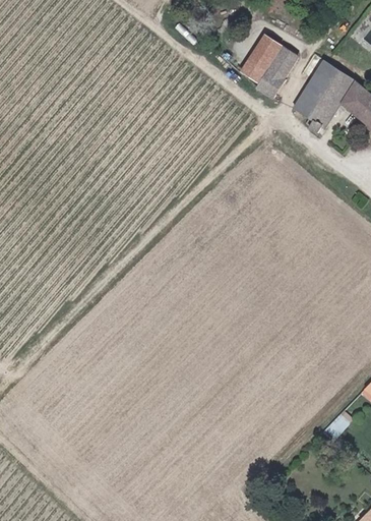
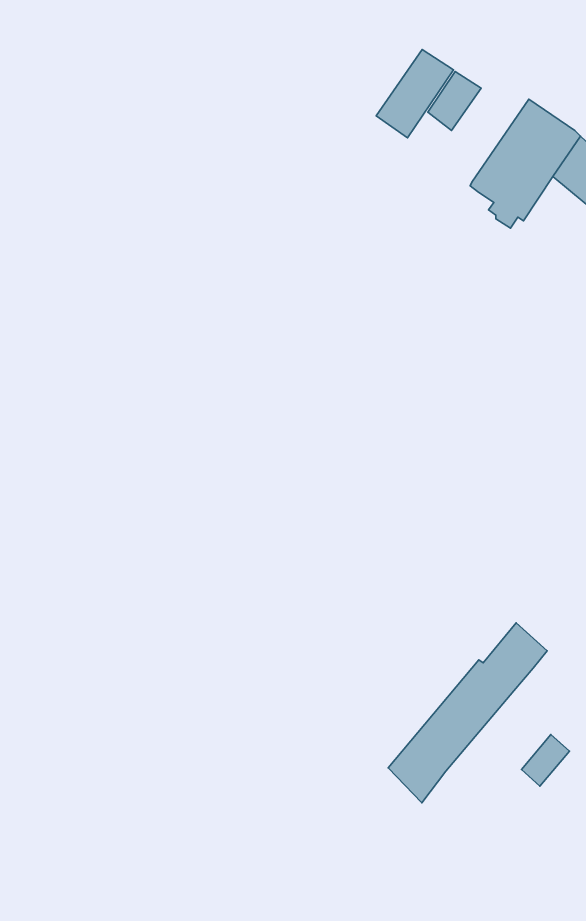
building: [257,67,286,98] -> none
building: none -> [388,623,547,803]

